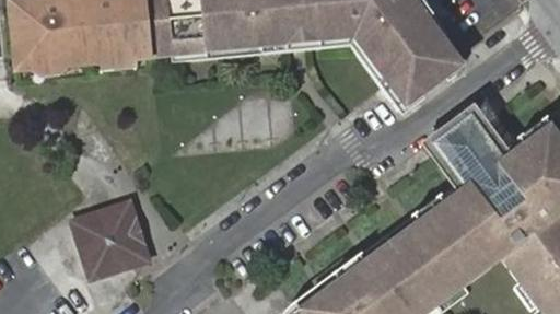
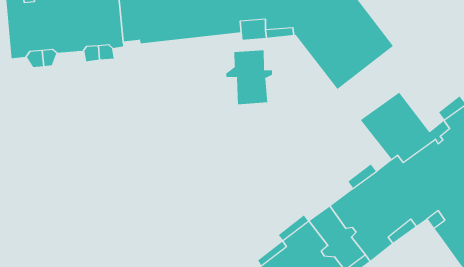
building: none -> [225,49,272,105]
building: [75,205,144,274] -> none

